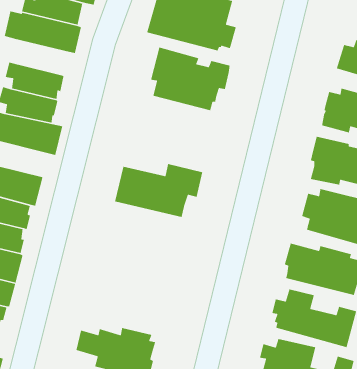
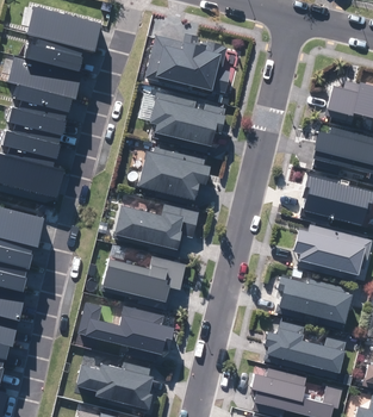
building: none -> [14,81,72,116]
building: none -> [138,143,210,200]
building: none -> [102,251,187,306]
building: none -> [77,300,174,357]

